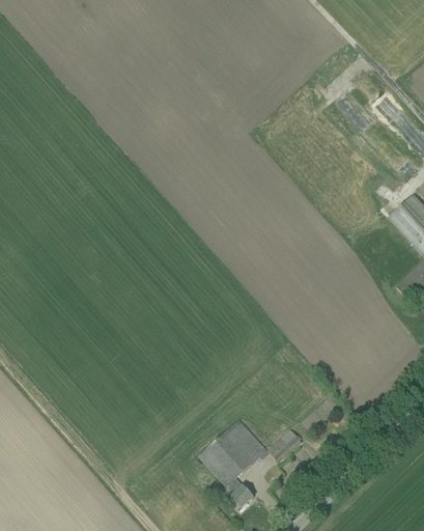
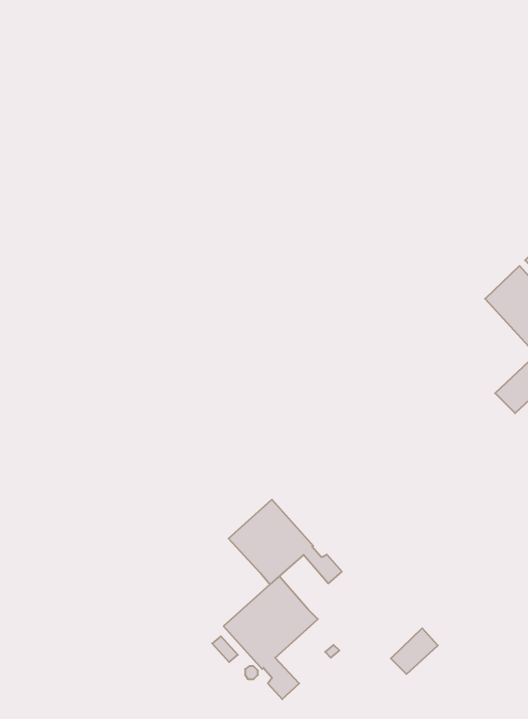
building: none -> [229,500,342,585]
building: [266,427,301,460] -> [391,628,438,674]

